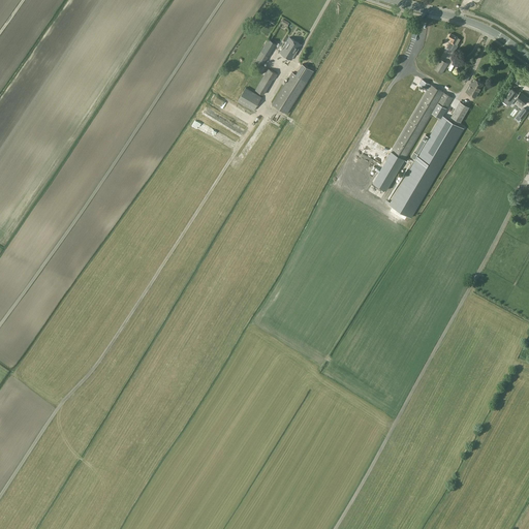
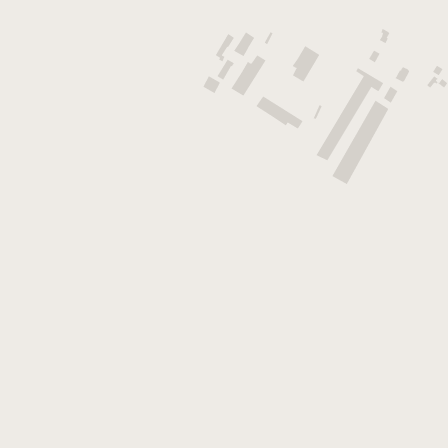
building: none -> [292,45,320,83]
building: none -> [256,95,303,129]

